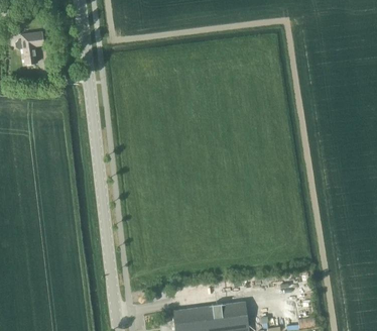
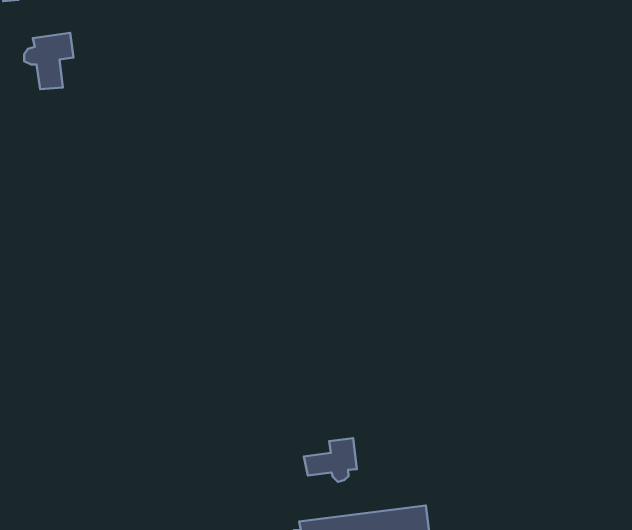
building: none -> [304,438,357,482]

